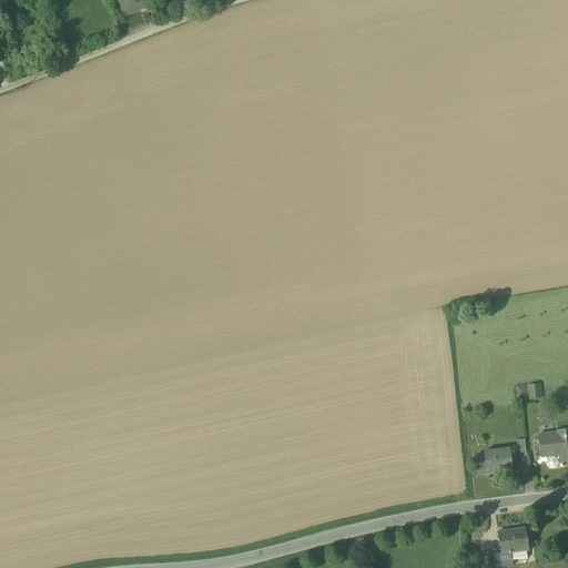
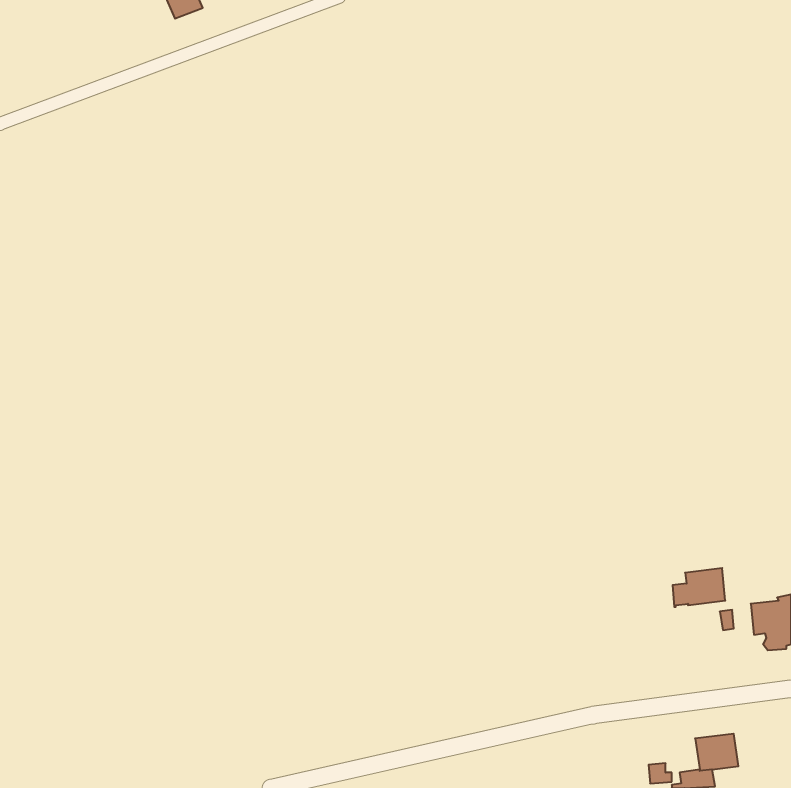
building: [475,446,513,474] -> [673,568,725,607]

